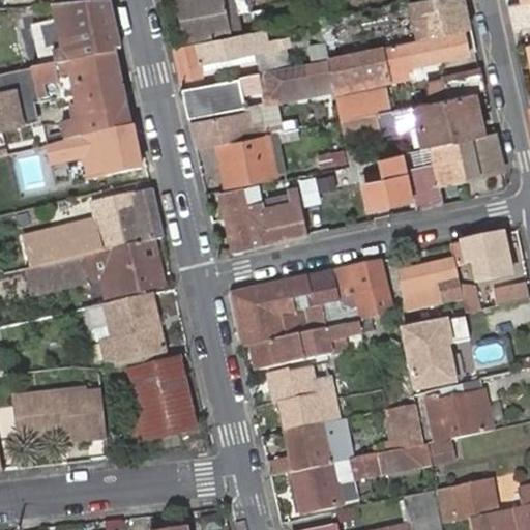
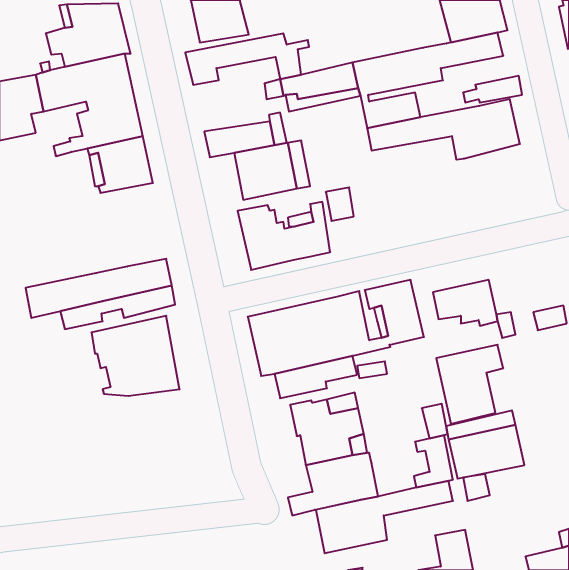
building: [182,79,247,117] -> none
building: [410,131,503,209] -> none
building: [361,154,411,206] -> none
building: [25,188,163,264] -> none
building: [449,234,510,282] -> none
building: [119,358,195,442] -> none
building: [11,385,101,440] -> none
building: [438,481,496,525] -> none

